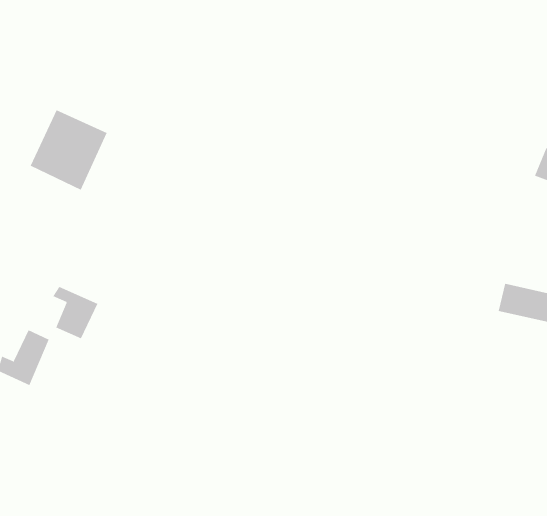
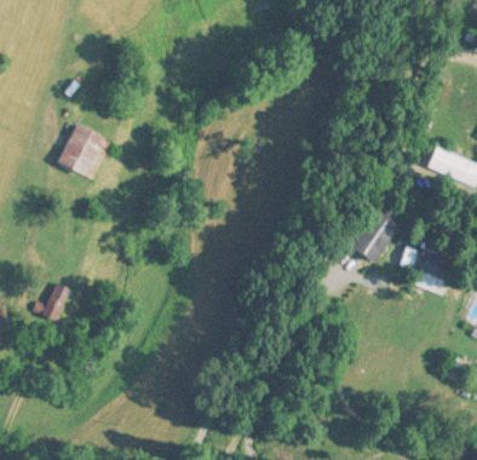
building: none -> [349,209,397,261]
building: [53,286,98,339] -> none

